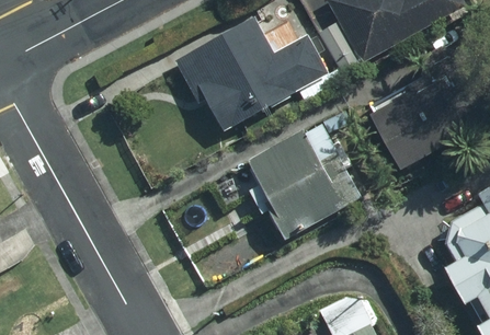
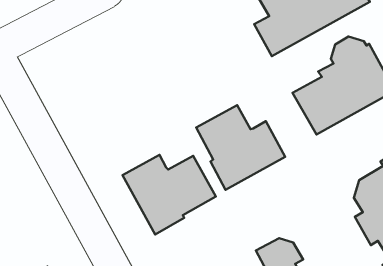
building: [174,23,322,131] -> none
building: none -> [123,155,216,235]

